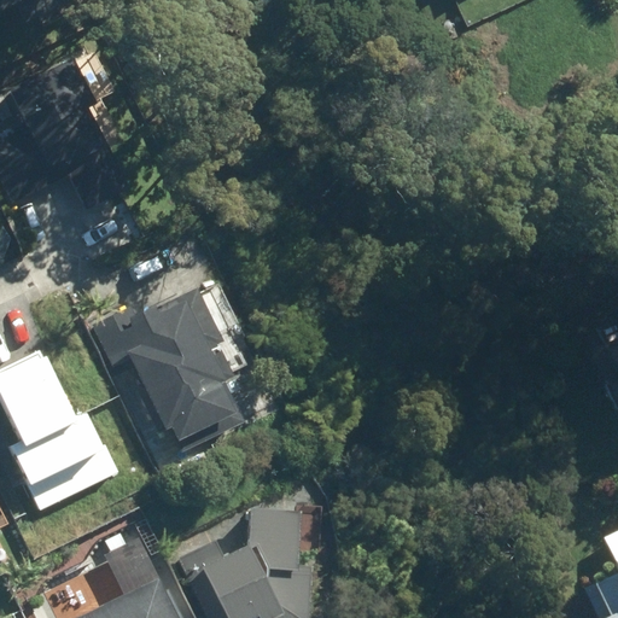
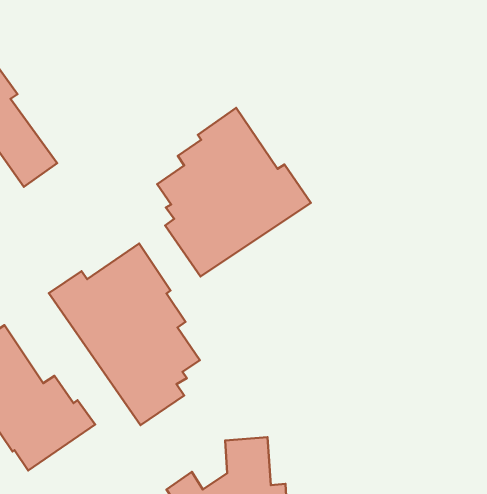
building: none -> [157,108,311,277]

